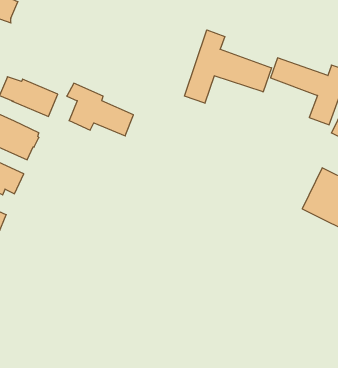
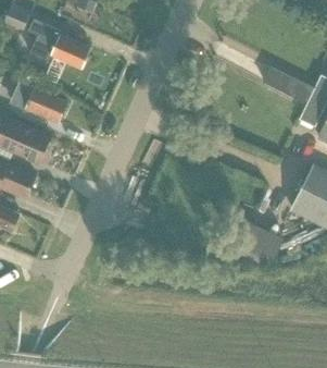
building: [185,30,272,103] -> none
building: [67,83,133,136] -> [26,19,88,68]

